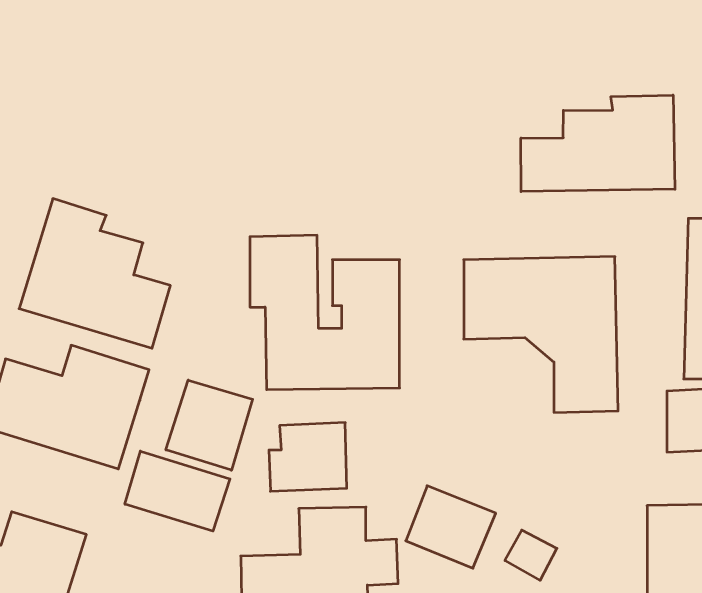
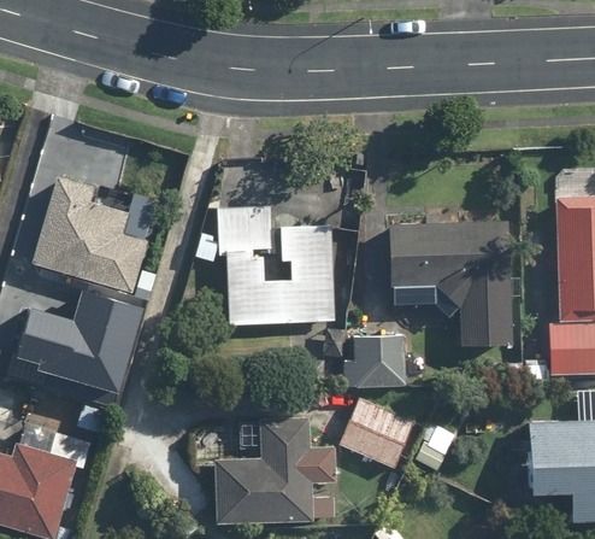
building: [521,95,675,192] -> none
building: [166,380,253,470] -> none
building: [269,423,347,491] -> [346,334,407,388]
building: [125,451,230,531] -> none

